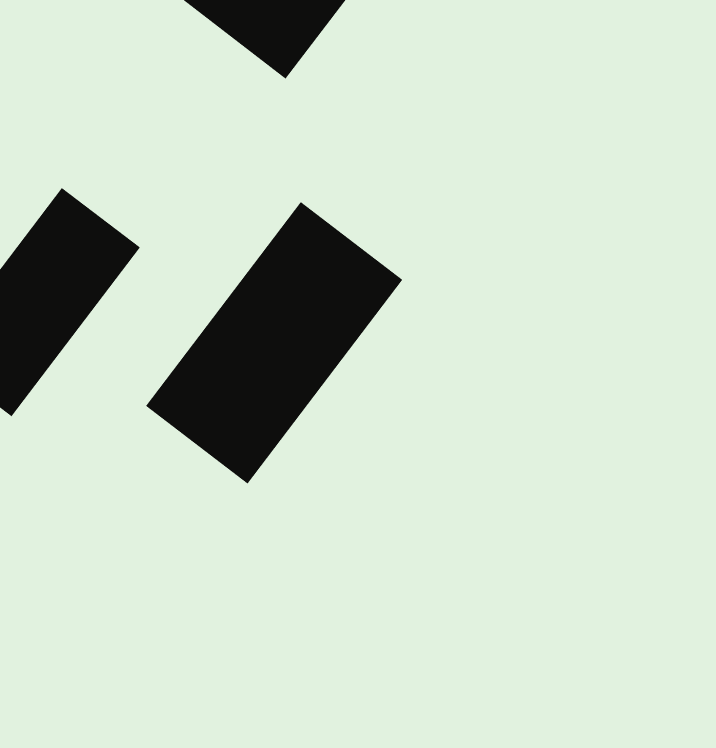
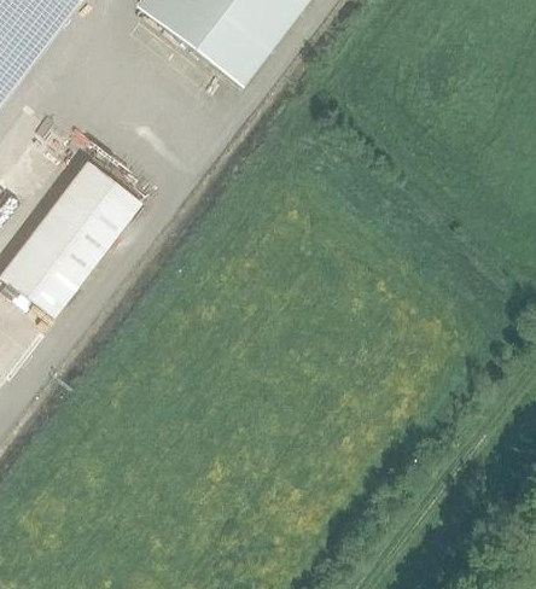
building: [145,201,403,484] -> none

